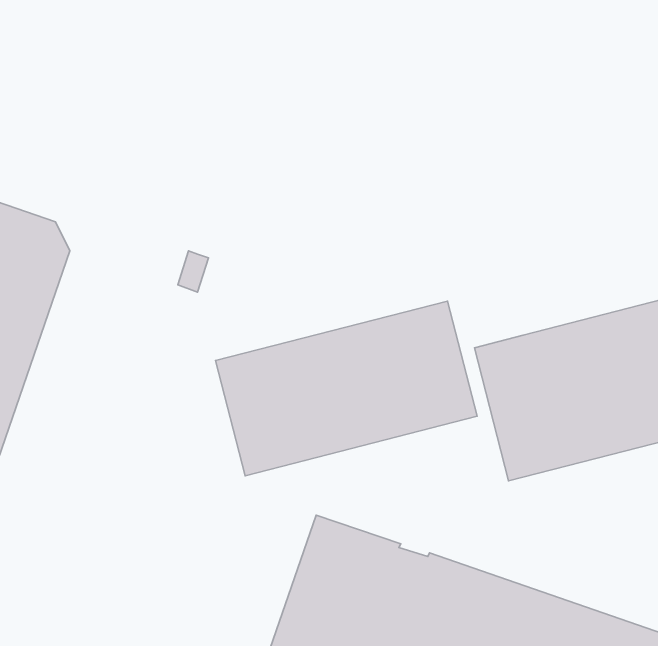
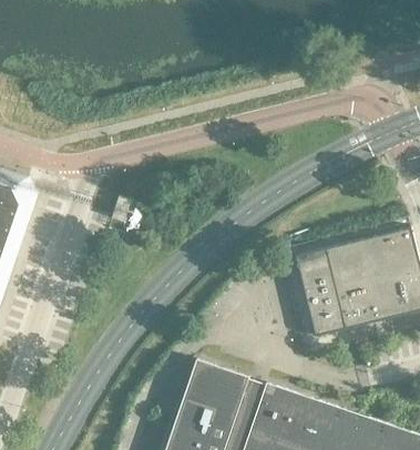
building: [215,301,477,476] -> none

